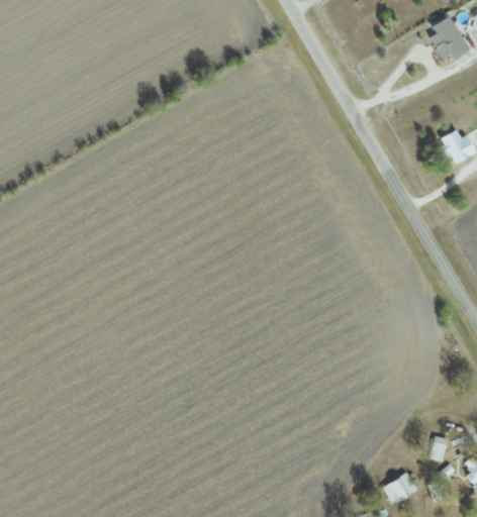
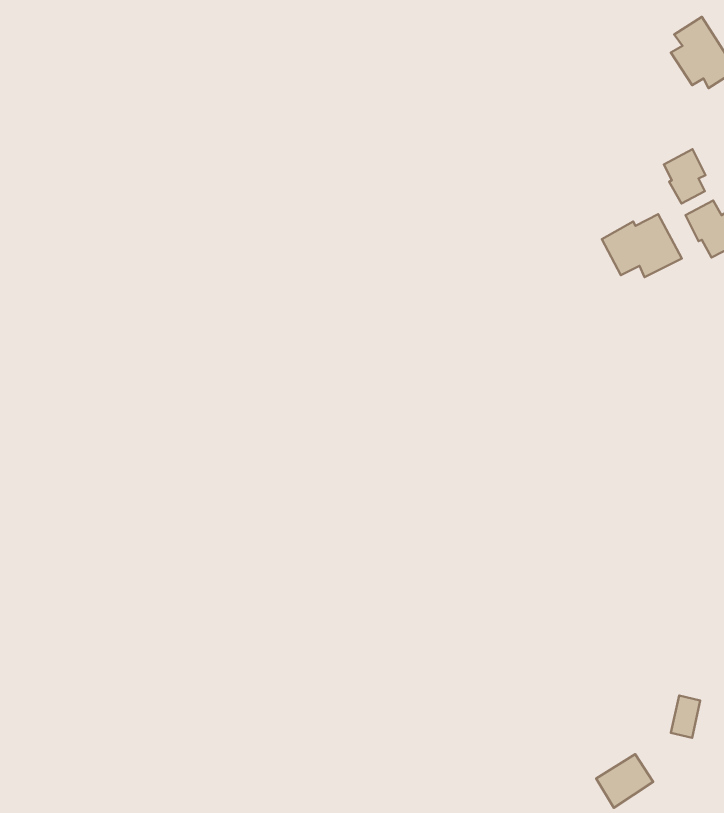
building: none -> [664,149,706,204]
building: none -> [602,214,682,277]

